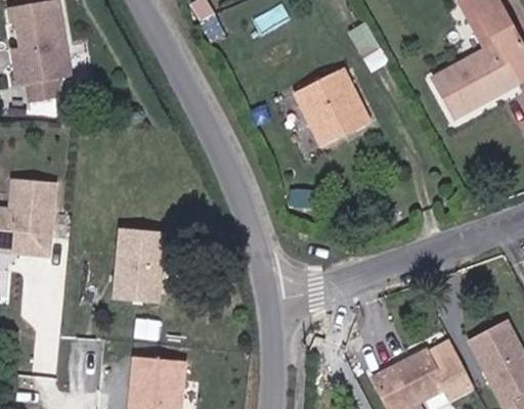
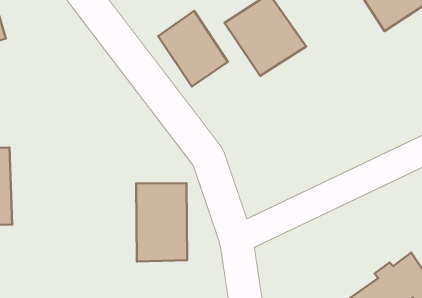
building: none -> [158,11,228,86]
building: [108,226,168,309] -> [136,183,187,262]

